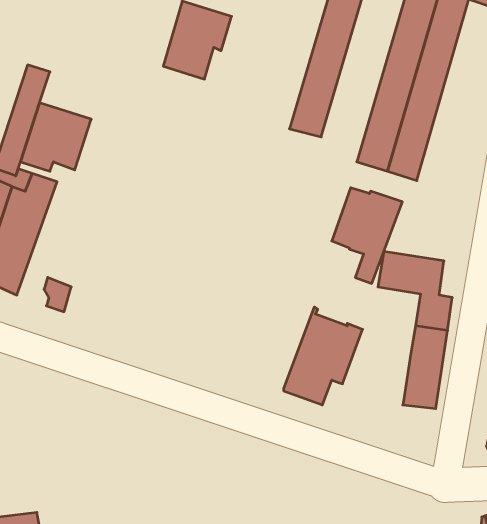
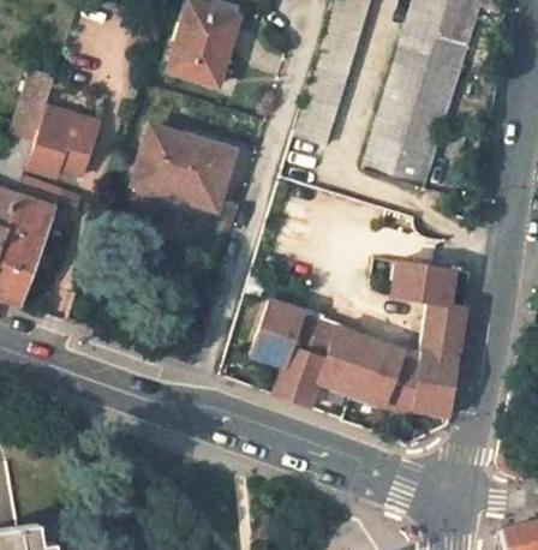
building: none -> [137,127,232,207]
building: [332,188,402,283] -> [250,301,322,399]
building: none -> [351,339,420,416]

